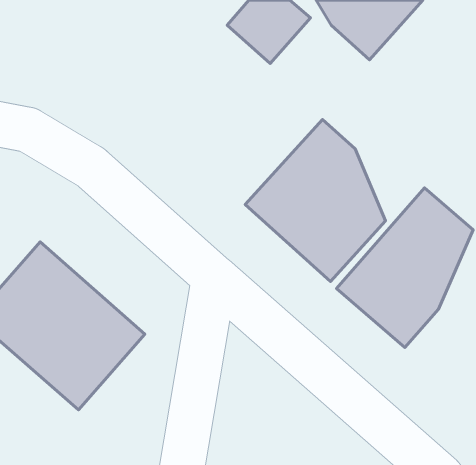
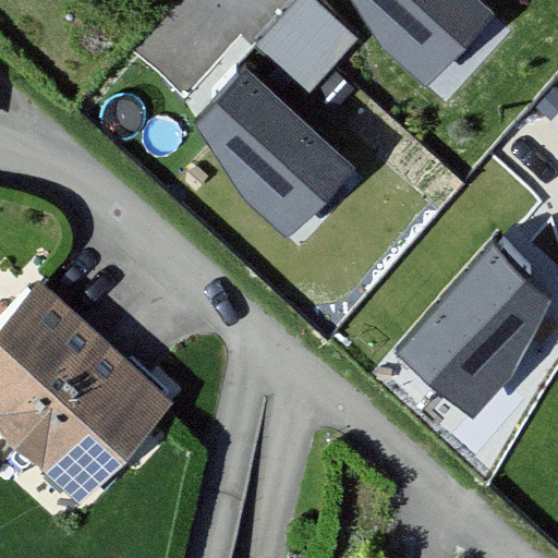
building: none -> [196,60,363,243]
building: [245,120,385,281] -> none

